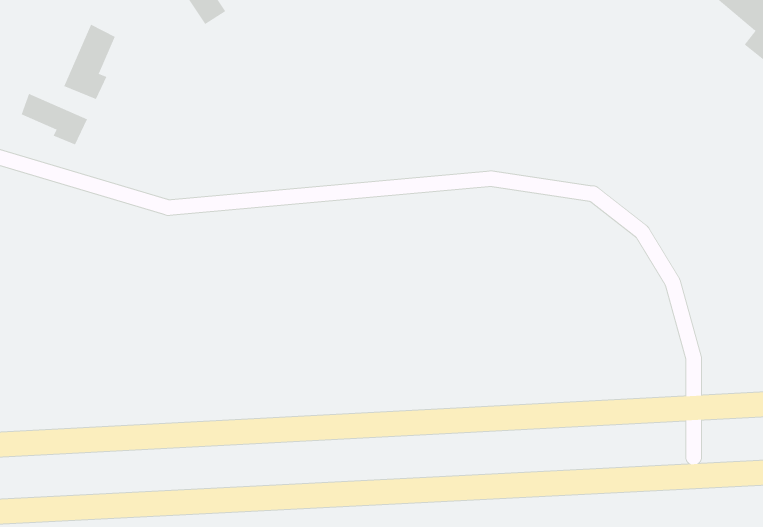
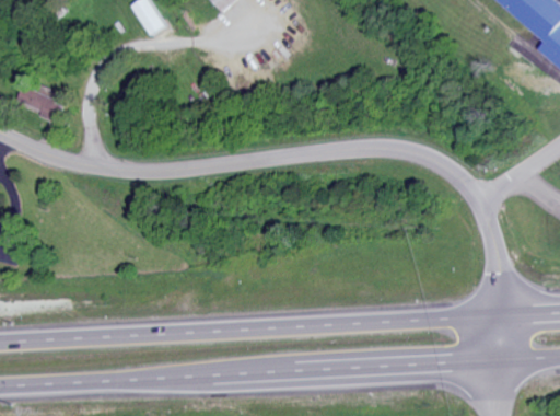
building: [64,24,116,100] -> none

